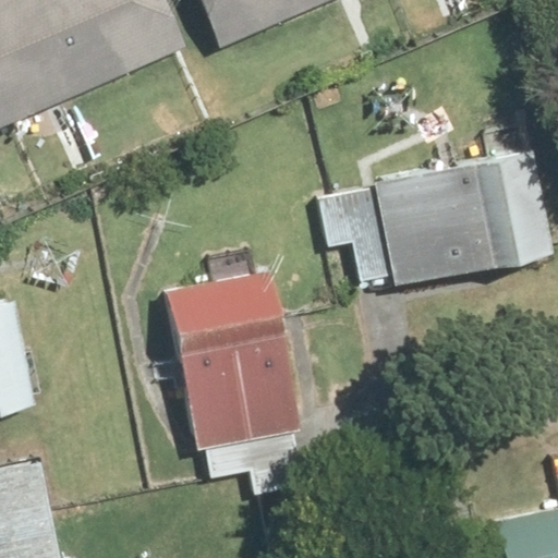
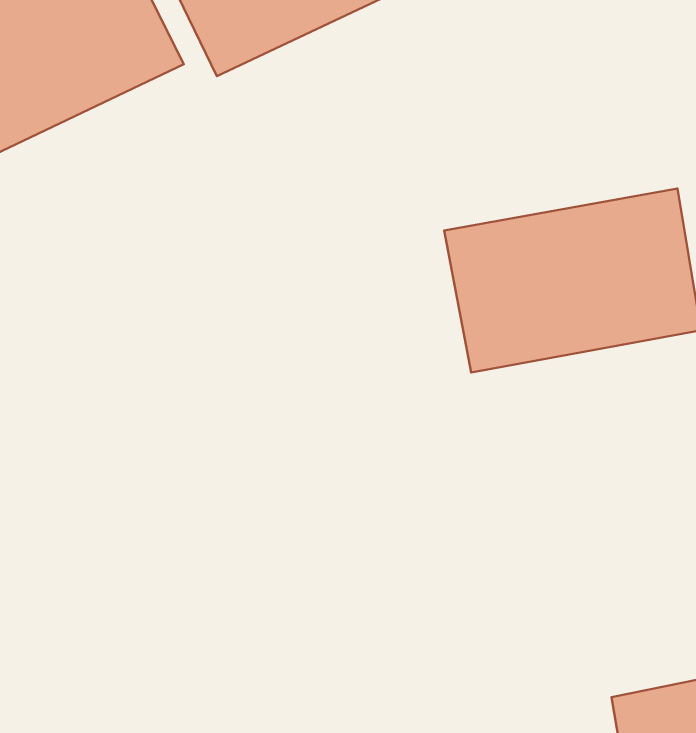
building: [163,274,301,451] -> none

